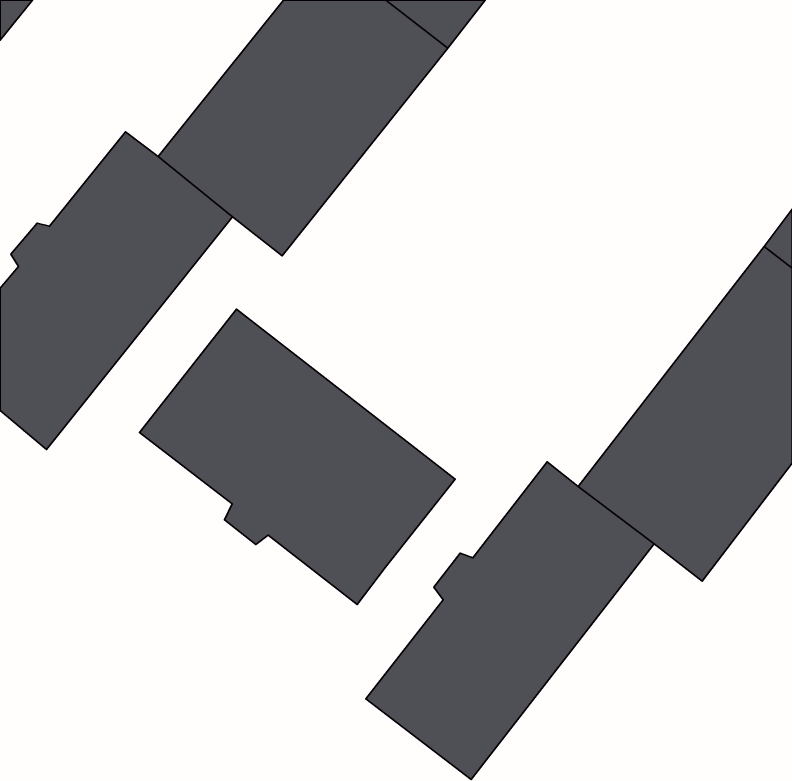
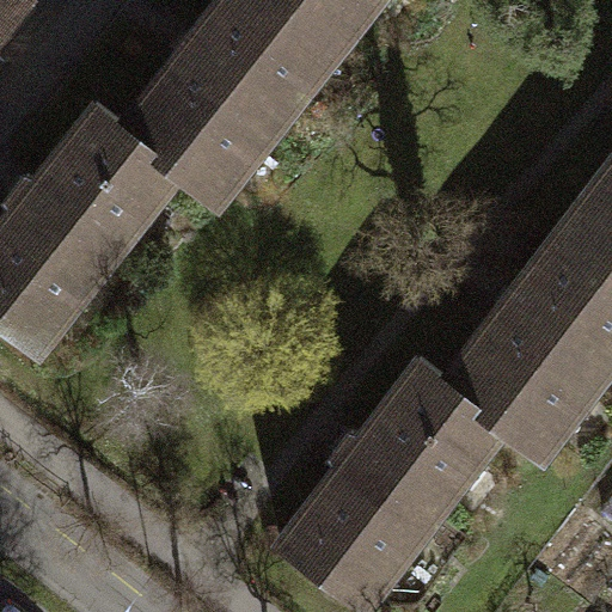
building: [140,309,455,604] -> none

